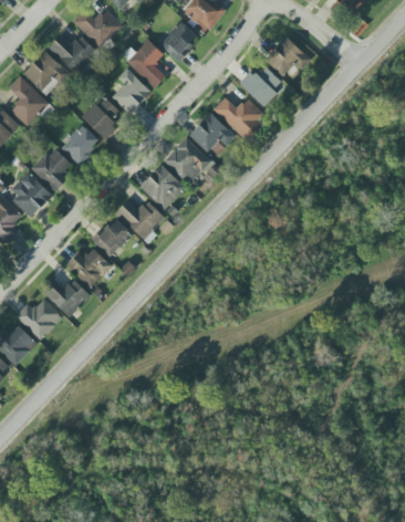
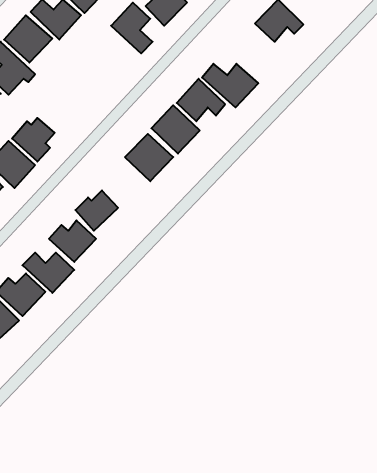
building: [239,65,284,106] -> none
building: [112,69,152,114] -> none
building: [82,97,123,139] -> none
building: [60,124,101,165] -> none
building: [115,200,165,240] -> none

